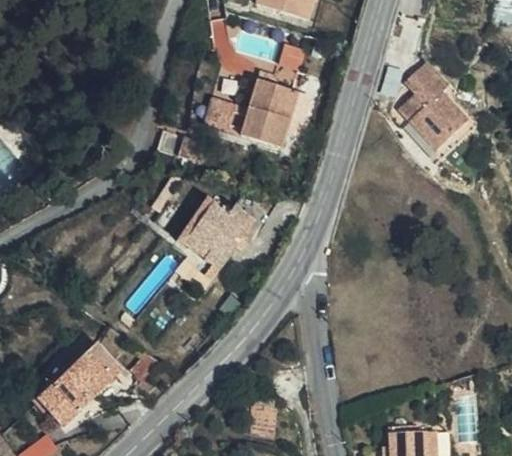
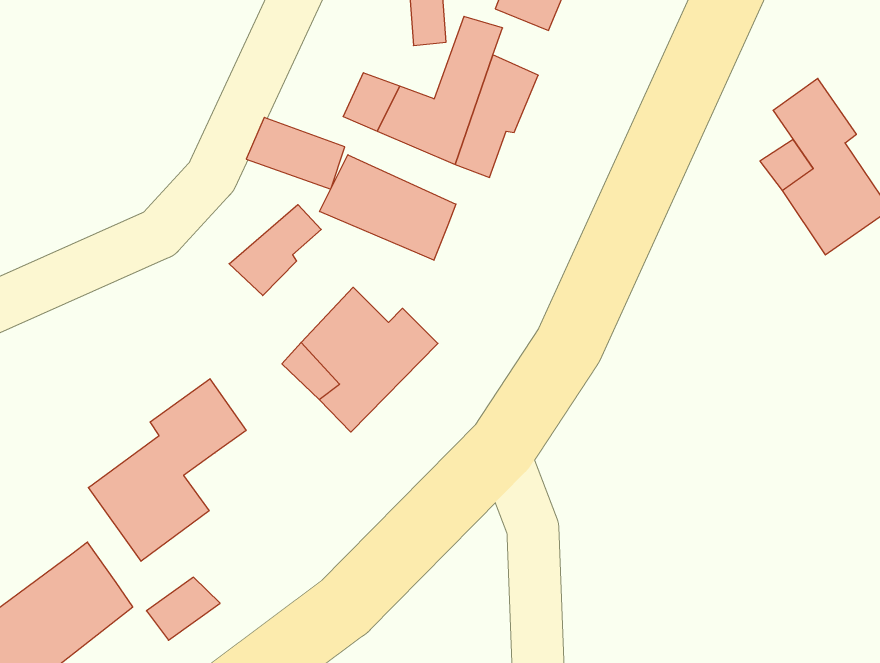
building: none -> [320,155,456,260]
building: none -> [229,205,321,296]
building: none -> [88,379,246,561]

